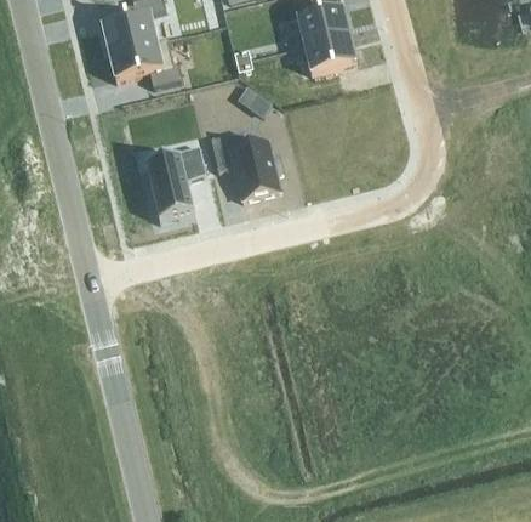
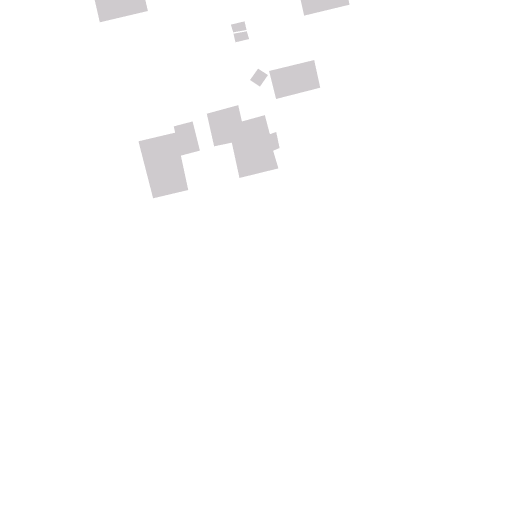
building: [303,32,354,70] -> [268,59,321,100]
building: [108,34,182,84] -> none

